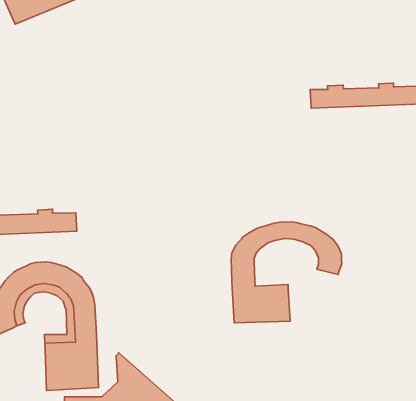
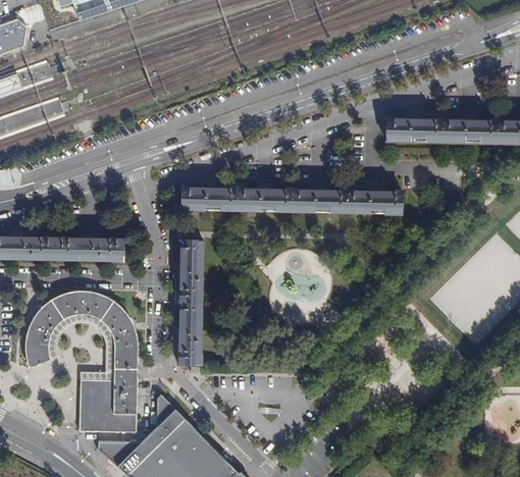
building: none -> [181,183,401,212]
building: none -> [175,240,203,364]
building: [231,222,342,323] -> none

